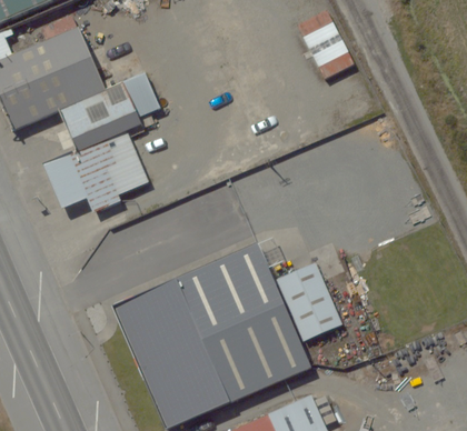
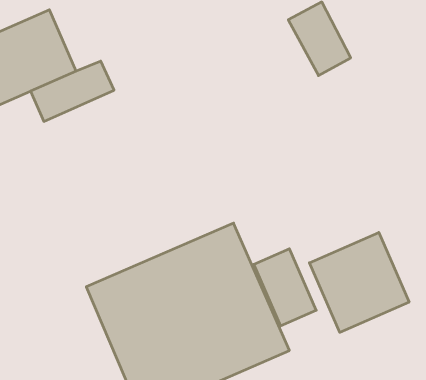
building: [46,129,146,208] -> none
building: none -> [309,232,409,332]

